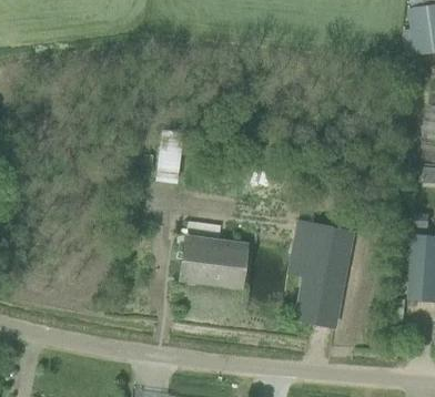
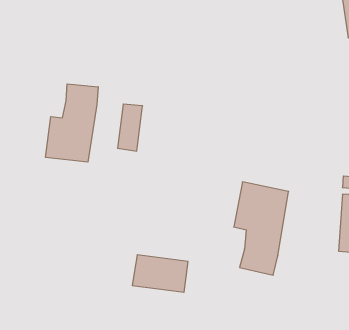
building: none -> [46,84,98,162]
building: [180,241,244,284] -> [132,255,188,292]

